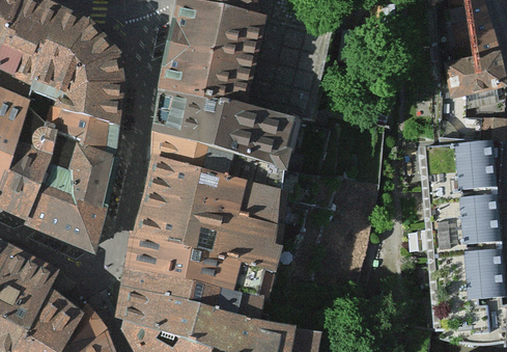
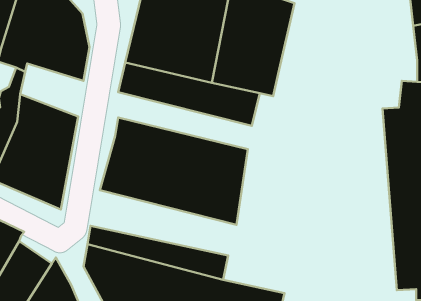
building: [52,99,116,153] -> none
building: [151,128,287,186] -> none
building: [123,227,272,294] -> none

